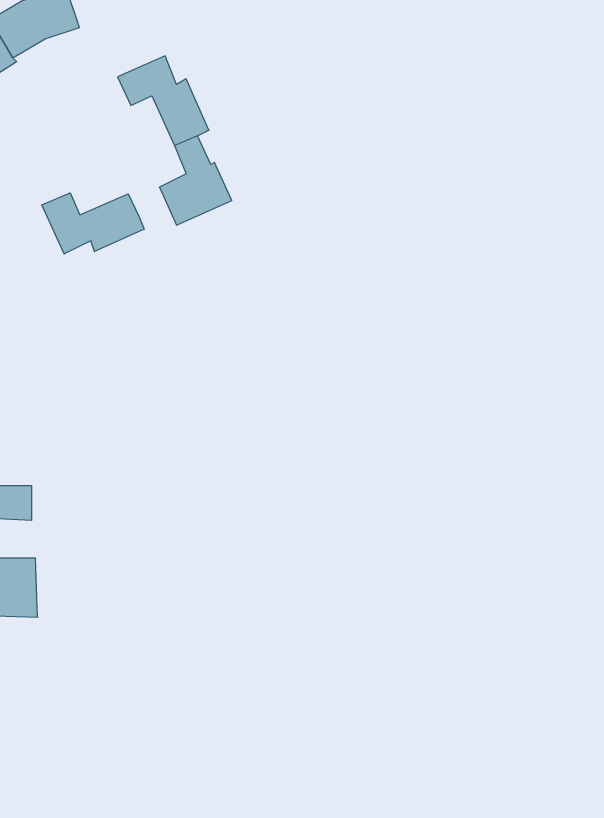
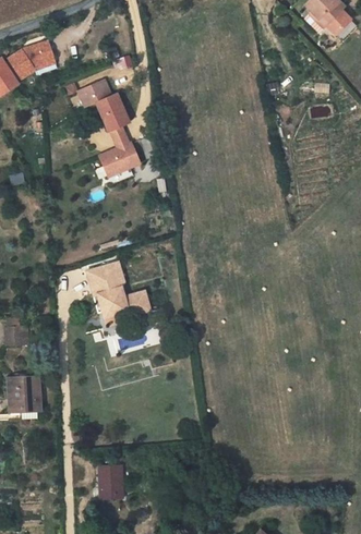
building: [42,193,144,254] -> none
building: none -> [85,264,141,318]
building: none -> [100,460,127,497]

